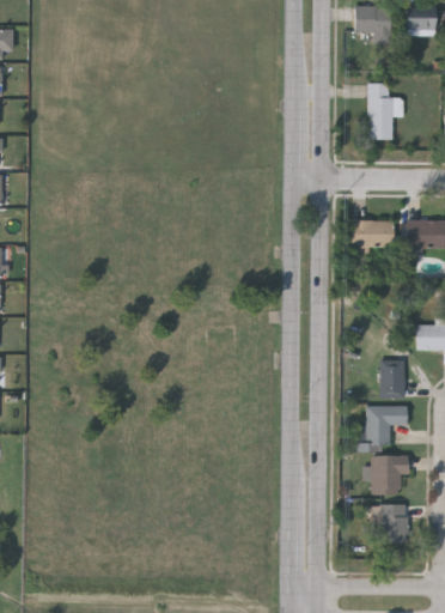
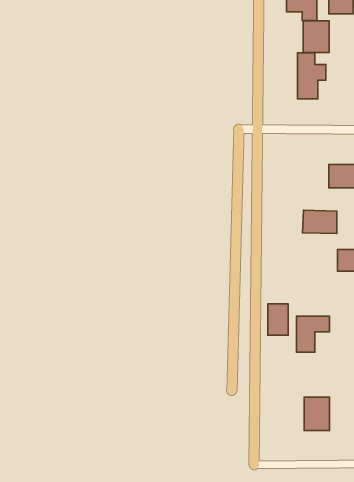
building: none -> [303,21,329,53]
building: [353,220,395,249] -> [303,210,337,234]
building: [382,360,407,399] -> [268,304,288,335]
building: [373,456,410,494] -> none

